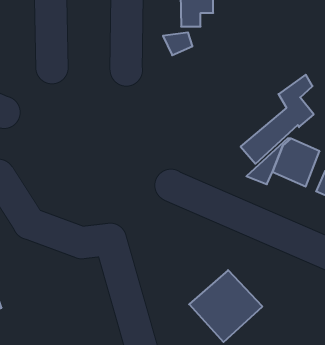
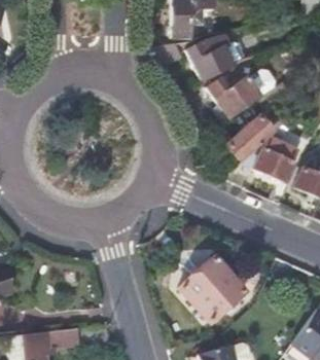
building: none -> [188,40,235,80]
building: none -> [205,73,258,116]

